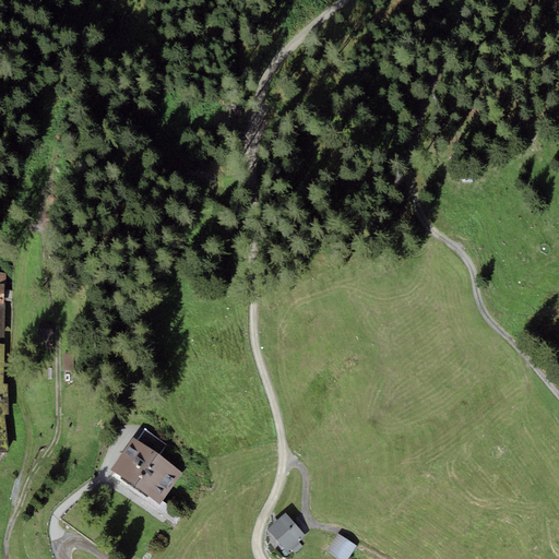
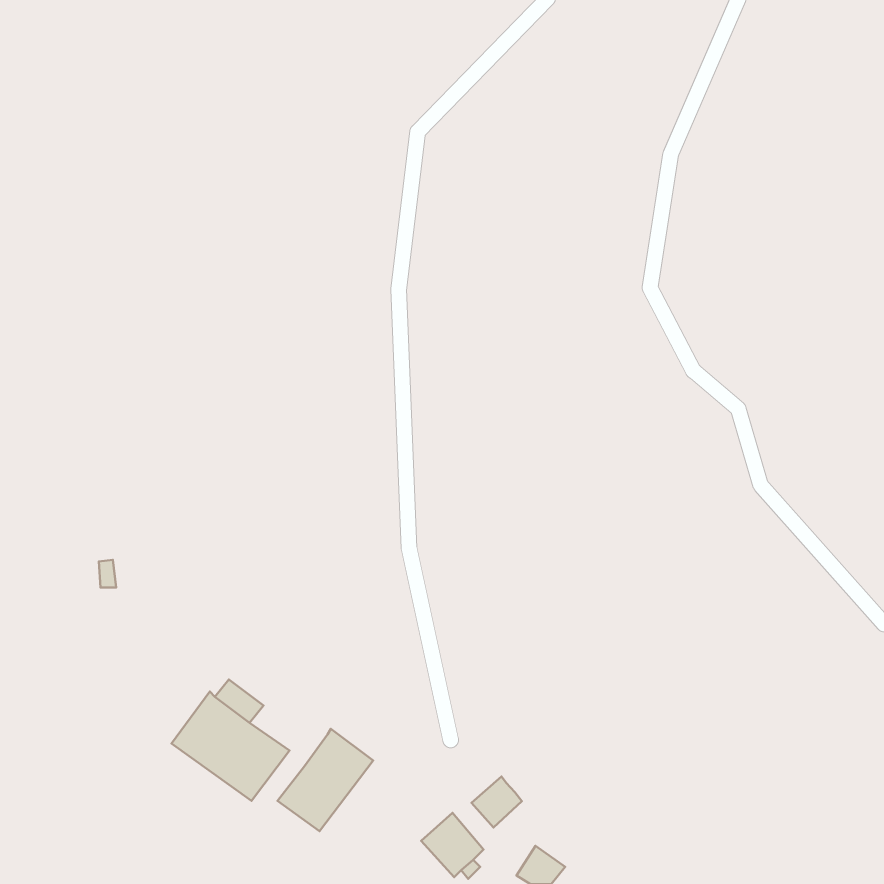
building: none -> [277,729,373,831]
building: none -> [472,777,522,827]

